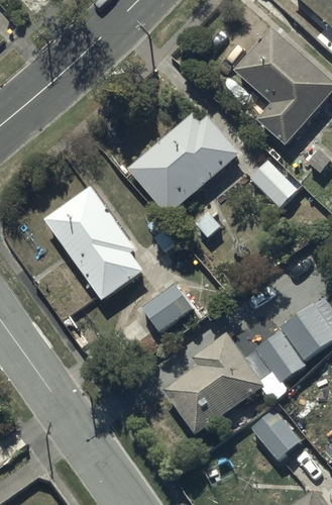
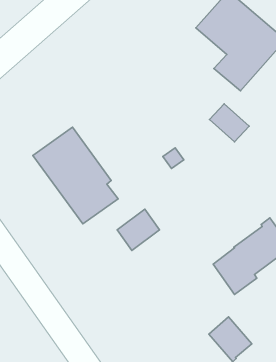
building: [127,113,238,214] -> none
building: [161,332,263,436] -> none

